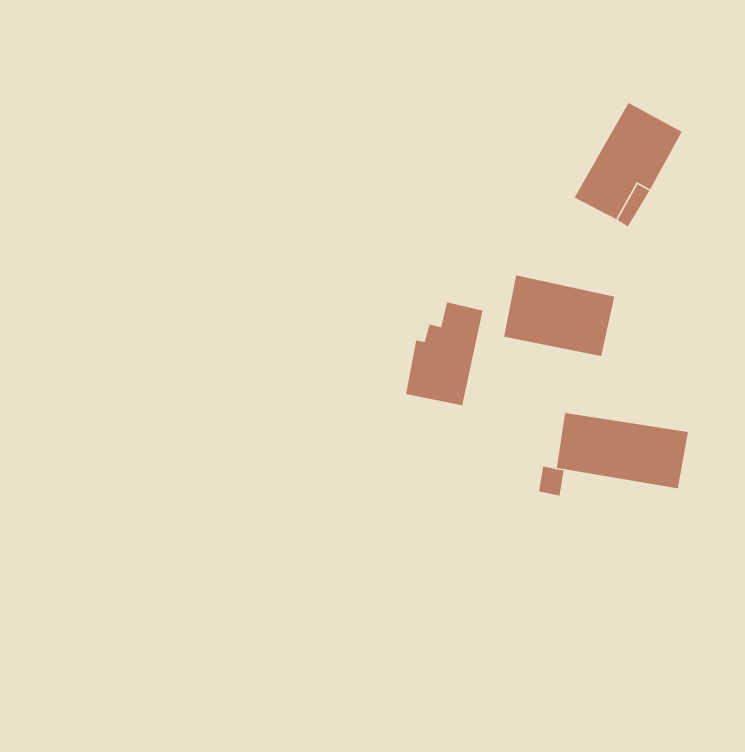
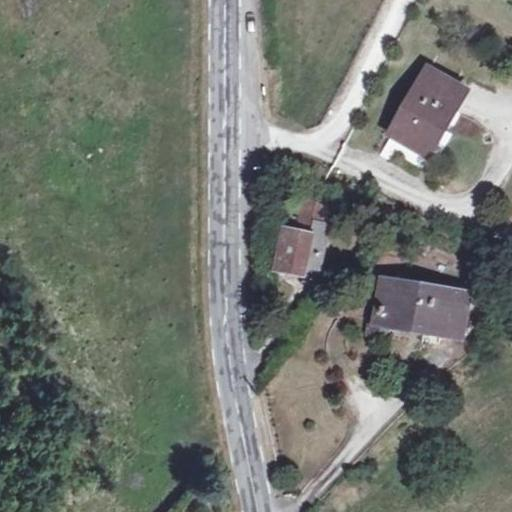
building: [503,274,615,357] -> none

